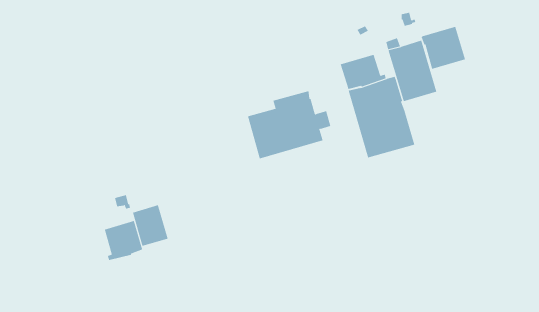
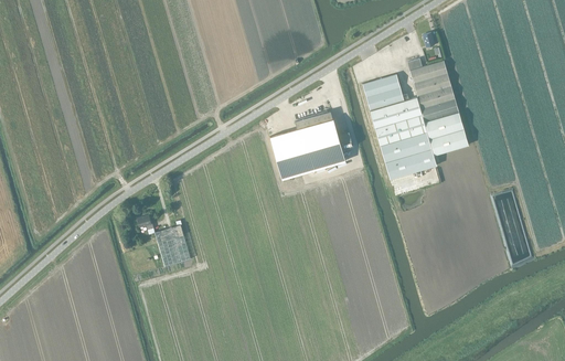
building: [421,26,466,69] -> [424,112,469,155]
building: [104,220,143,261] -> none

